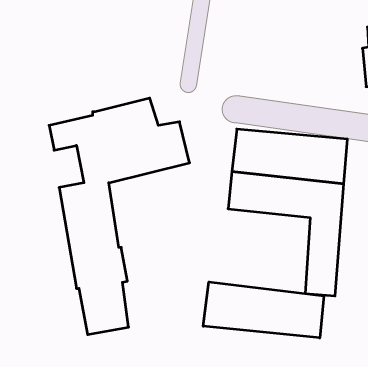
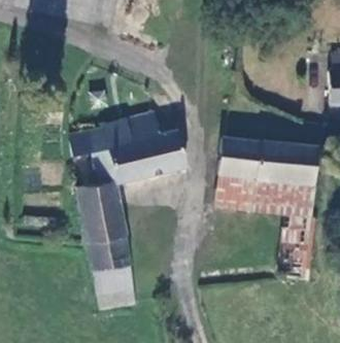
building: [203,282,324,338] -> none

